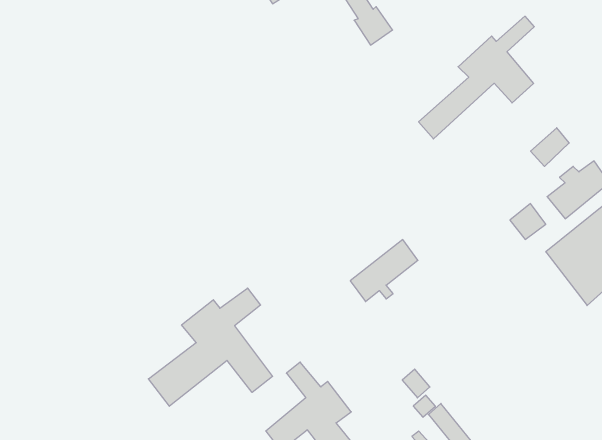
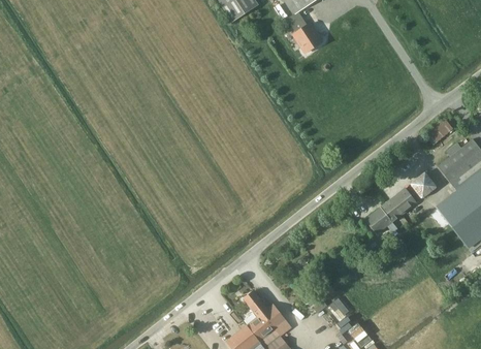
building: [419,16,534,139] -> none
building: [350,240,418,302] -> [365,188,416,234]
building: [148,288,273,406] -> none

